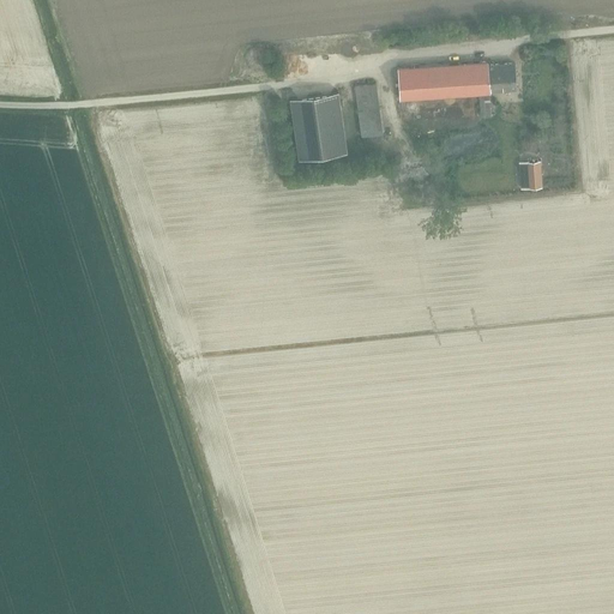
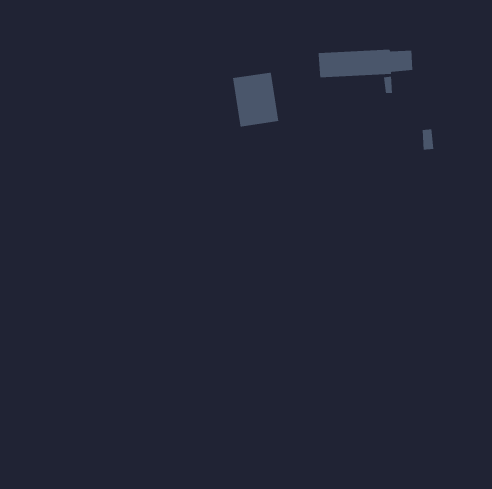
building: [354,86,381,139] -> none

